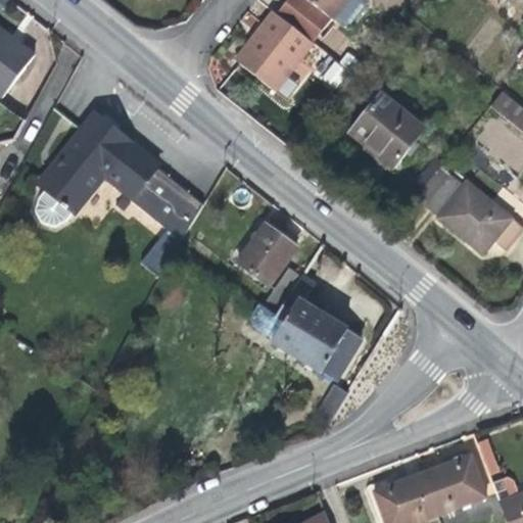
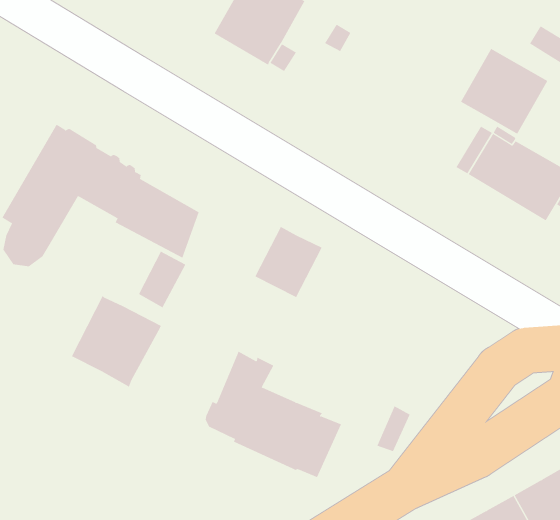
building: [350,93,425,167] -> [460,48,548,134]
building: none -> [71,295,161,387]
building: [252,267,364,380] -> [205,351,342,478]

